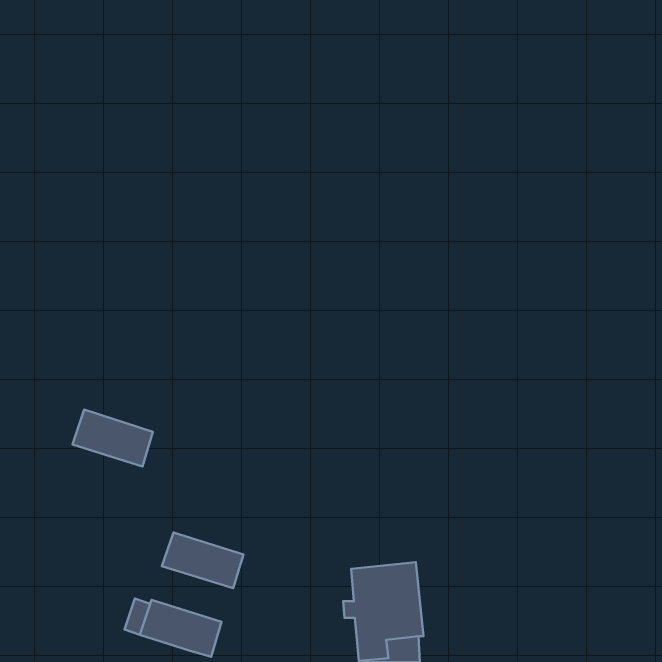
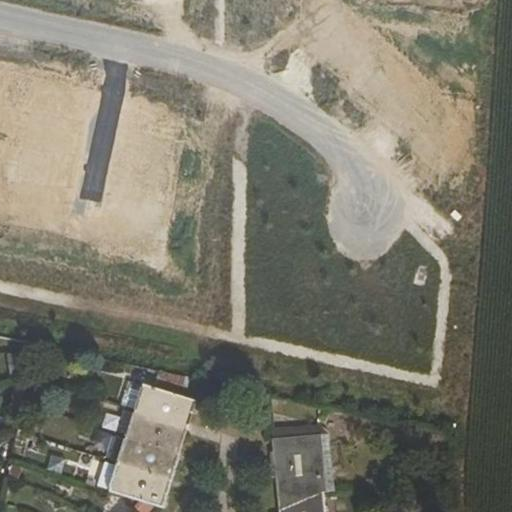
building: [73,410,153,467] -> [134,384,196,428]
building: none -> [117,437,180,480]

